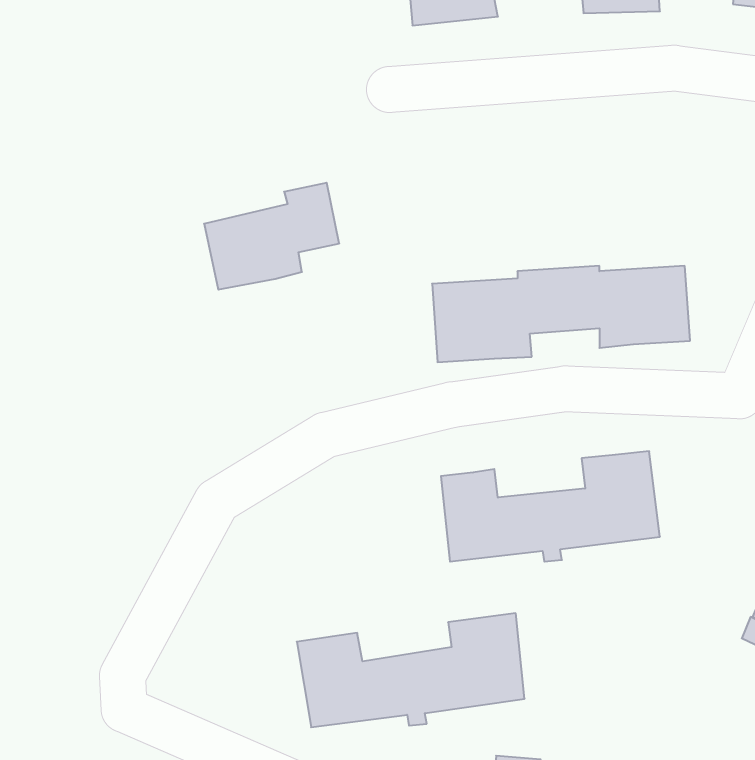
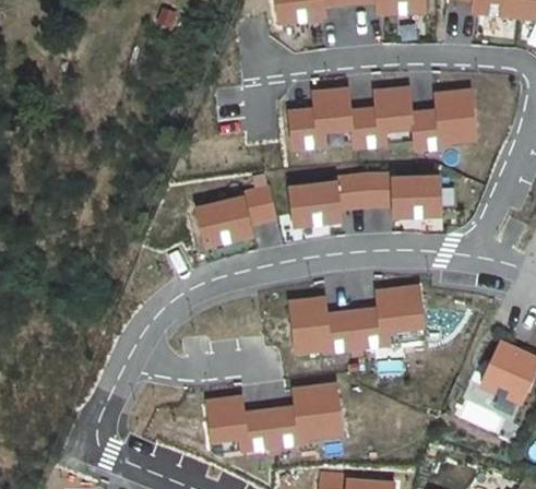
building: none -> [285,83,476,151]
building: [204,183,339,290] -> [194,182,277,248]

